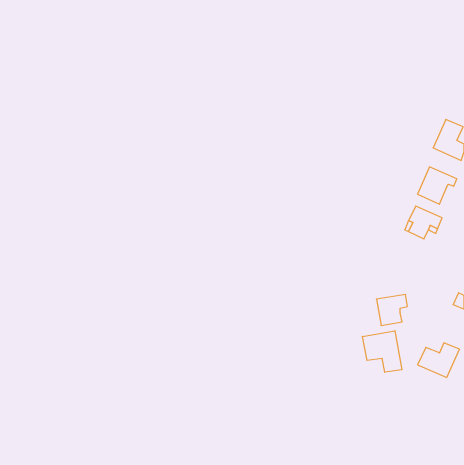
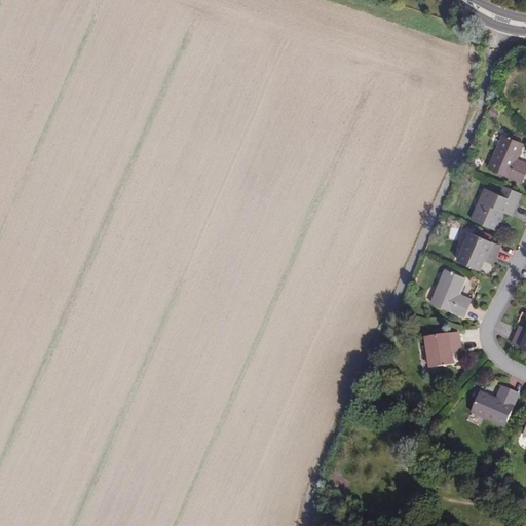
building: none -> [430,269,471,316]
building: [362,331,402,372] -> none

